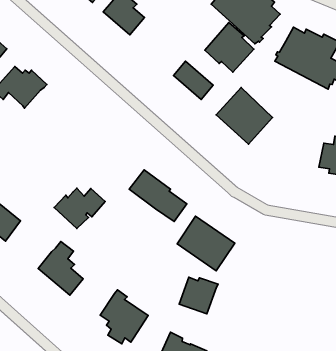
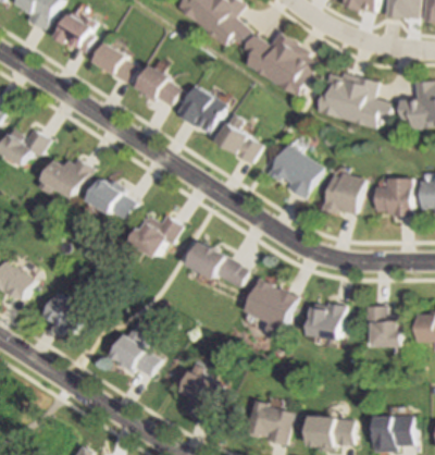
building: [205,22,254,72] -> [175,84,224,133]
building: none -> [87,176,135,220]
building: none -> [322,171,364,214]
building: [54,188,105,229] -> [132,213,182,256]
building: none -> [366,305,405,346]
building: [179,277,218,314] -> [310,304,346,339]

